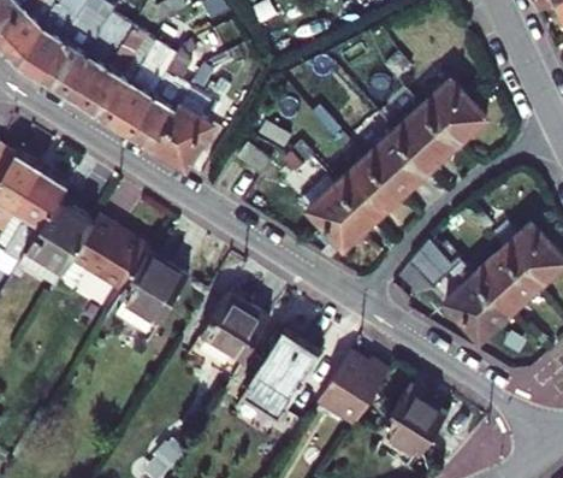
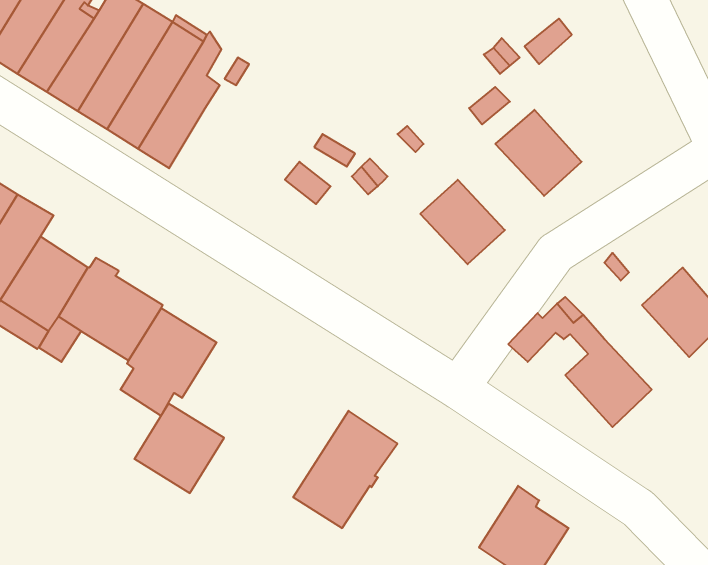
building: [421,81,485,146] -> none
building: [152,106,213,171] -> none
building: [365,132,428,196] -> none
building: [300,177,372,249] -> none
building: [473,252,535,314] -> none
building: [201,295,267,361] -> [134,404,224,493]
building: [318,353,389,426] -> none

